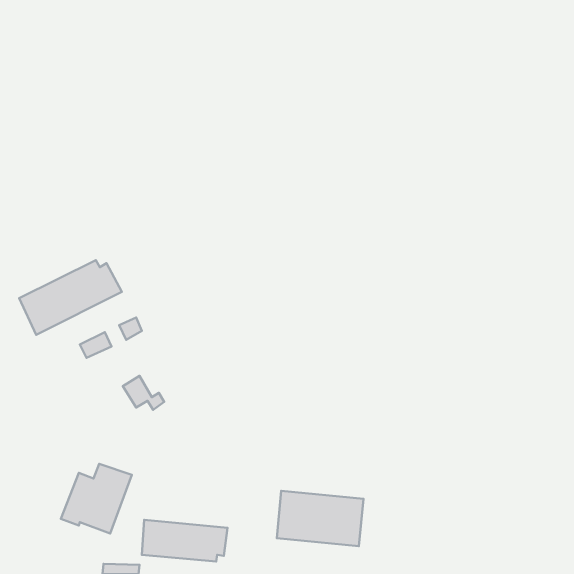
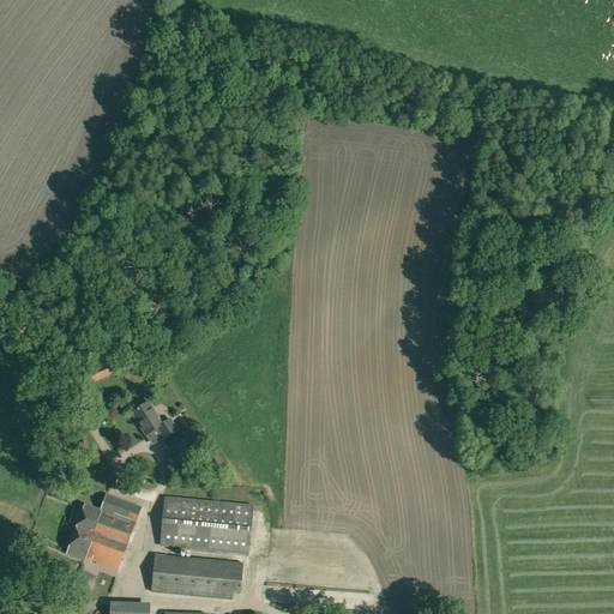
building: [19,260,122,335] -> none
building: [277,491,363,546] -> [159,495,252,554]

